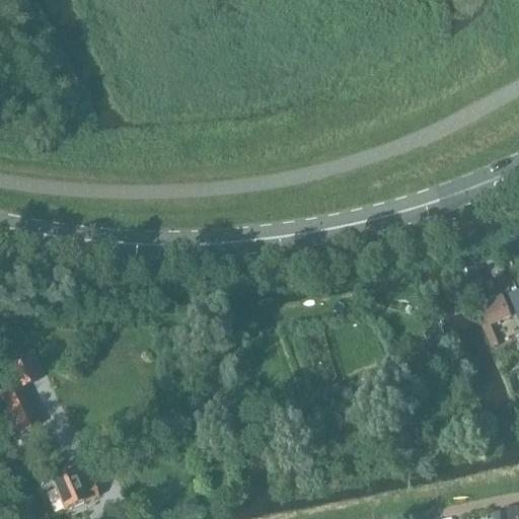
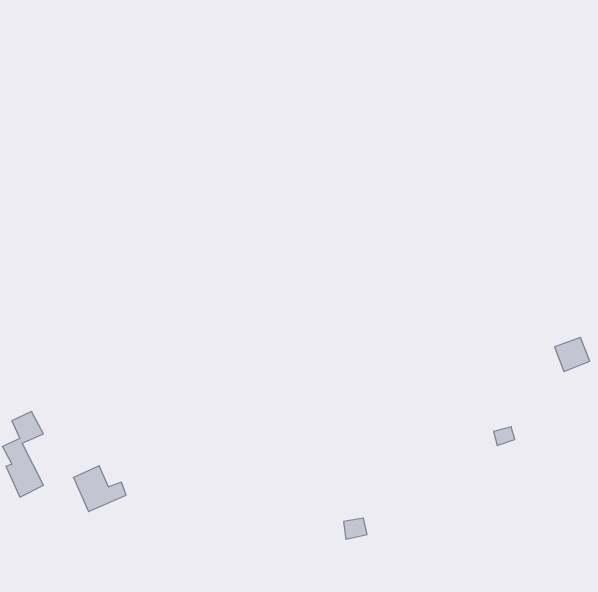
building: [52,467,97,507] -> [73,466,126,512]

